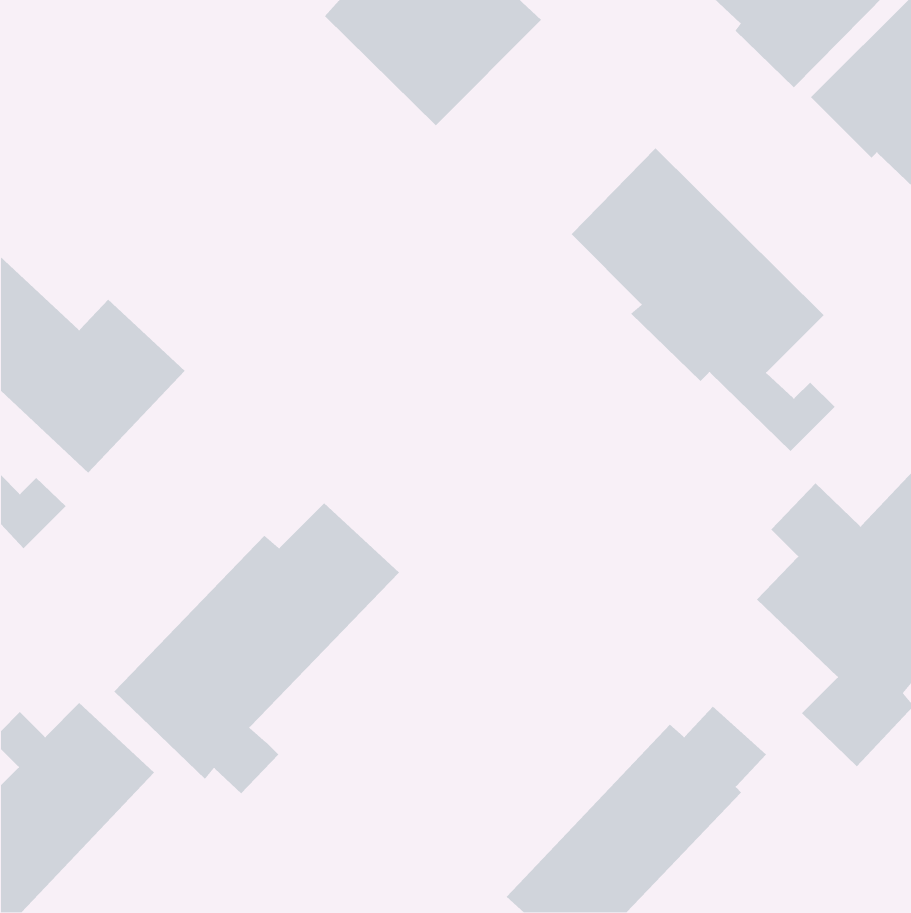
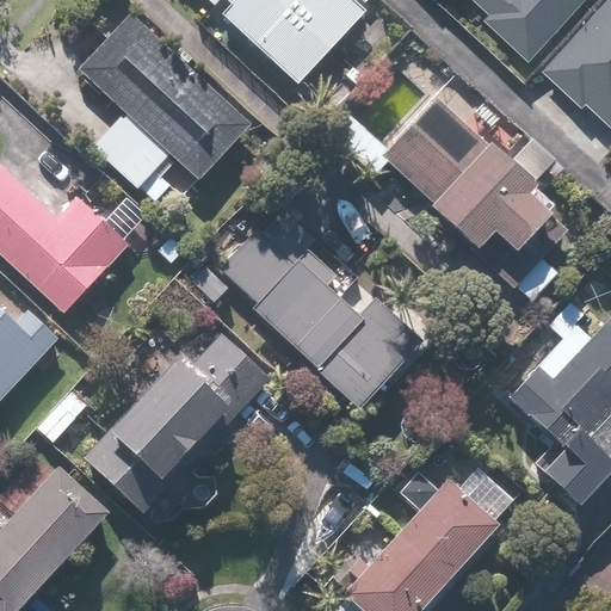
building: none -> [78,12,249,197]
building: none -> [193,205,425,408]

